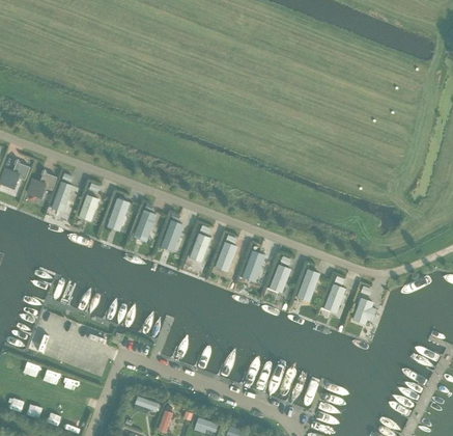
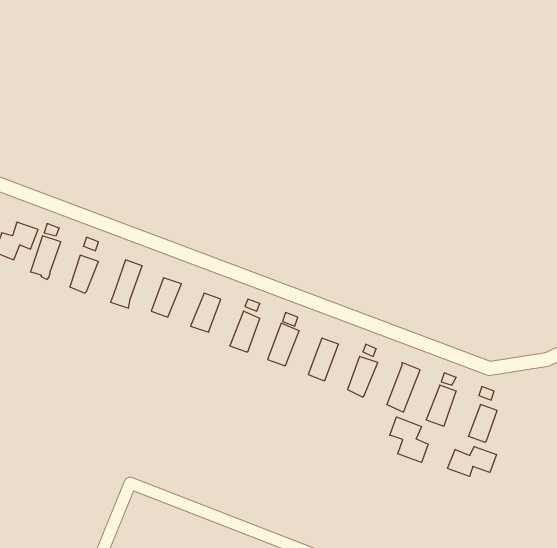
building: none -> [390,417,428,462]
building: none -> [447,446,496,476]

